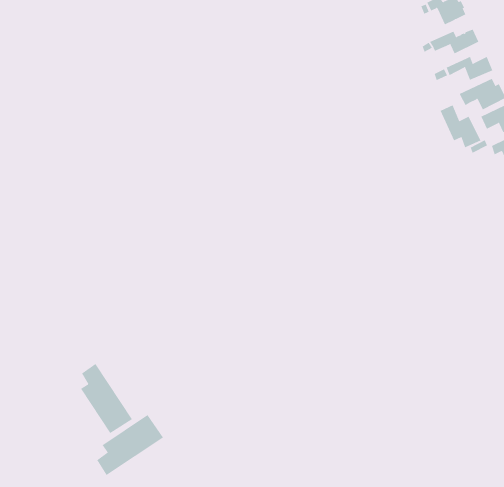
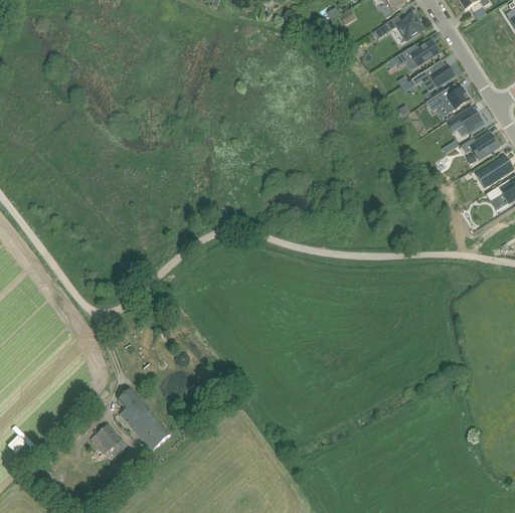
building: [440,105,481,148] -> none
building: none -> [91,423,127,456]
building: [97,414,164,476] -> none

